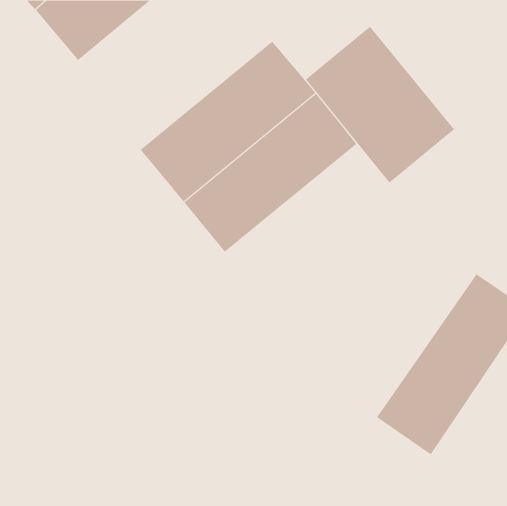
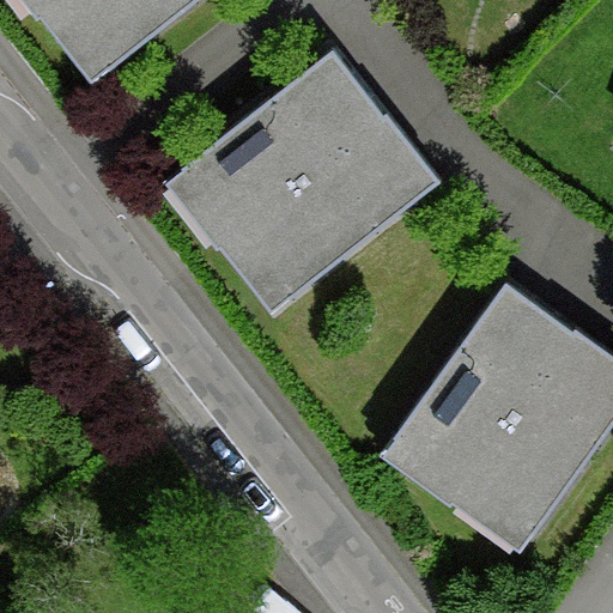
building: [305,26,455,183] -> none
building: none -> [387,285,575,505]

